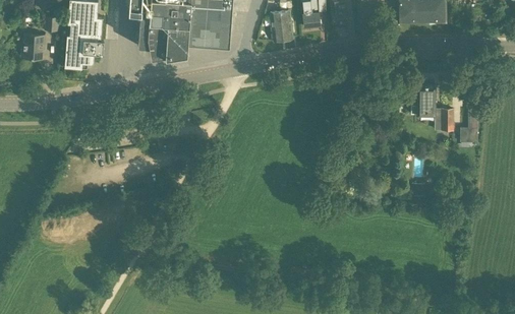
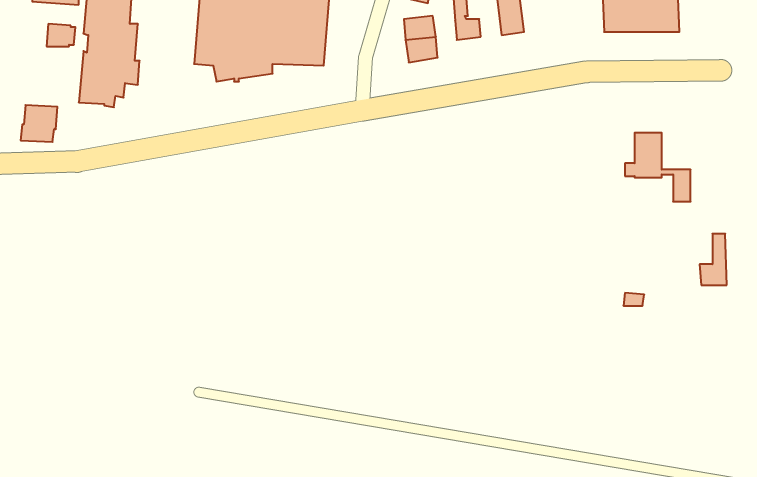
building: [22,36,46,59] -> [21,105,57,142]
building: [459,110,476,142] -> [700,234,727,285]

